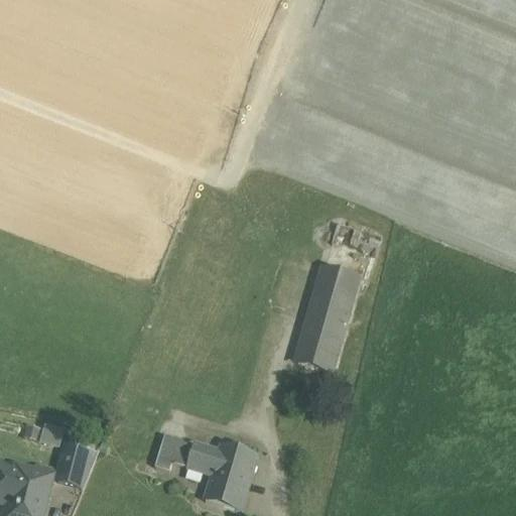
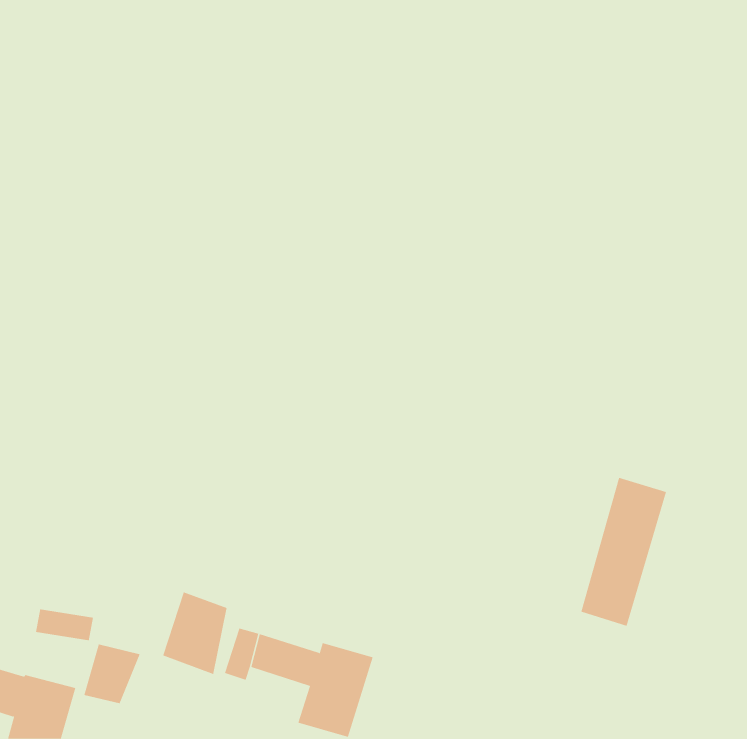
building: [297,266,357,369] -> [580,477,667,627]
building: none -> [163,591,227,675]

